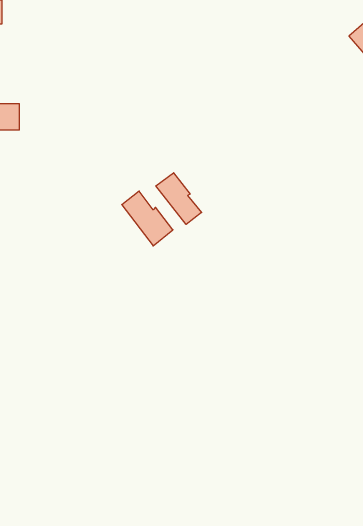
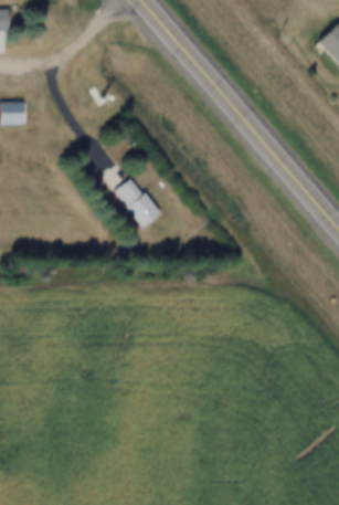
building: [156,173,202,224] -> none

